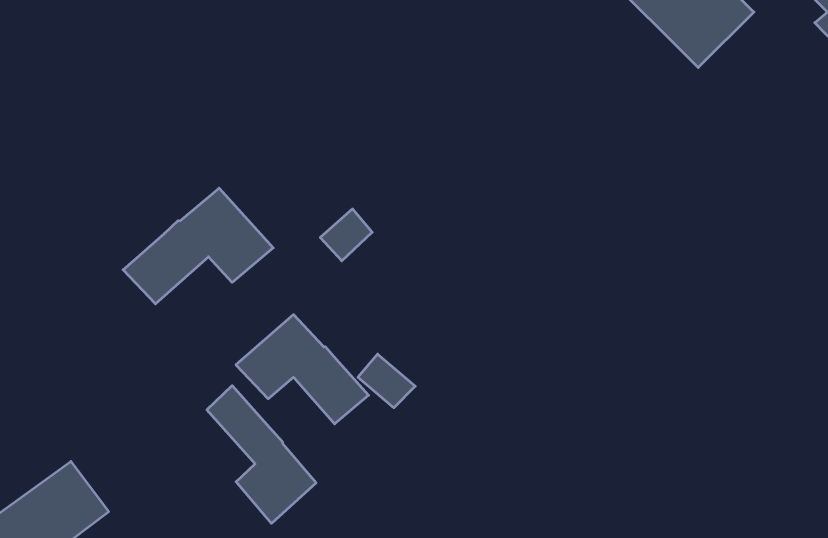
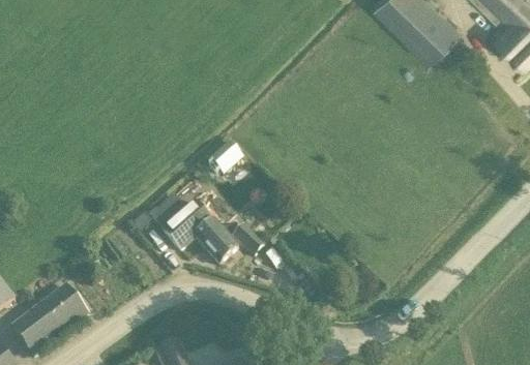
building: [123,188,273,304] -> none
building: [207,386,316,523] -> none

